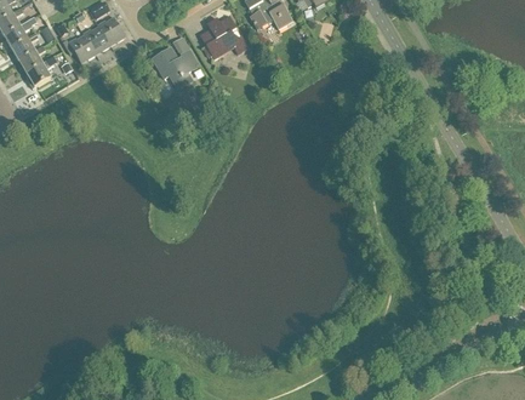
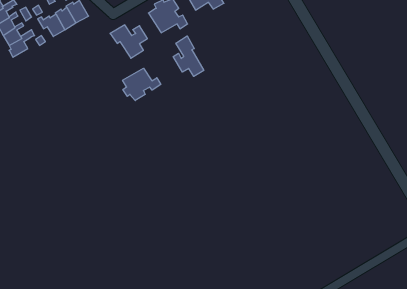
building: none -> [173,36,204,76]
building: none -> [123,68,161,101]

